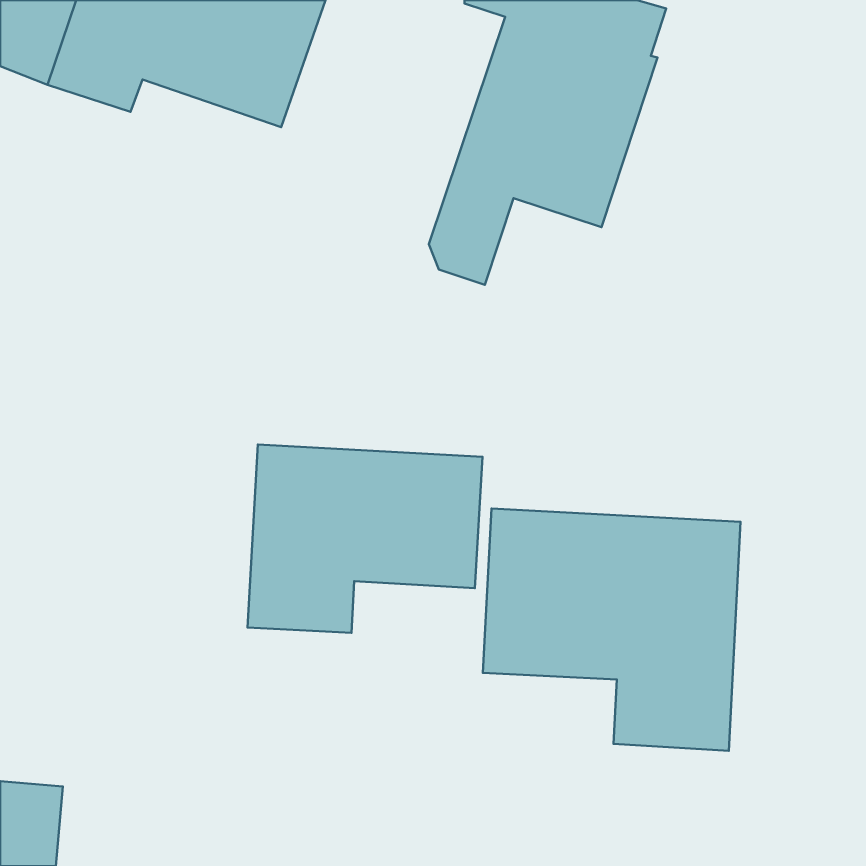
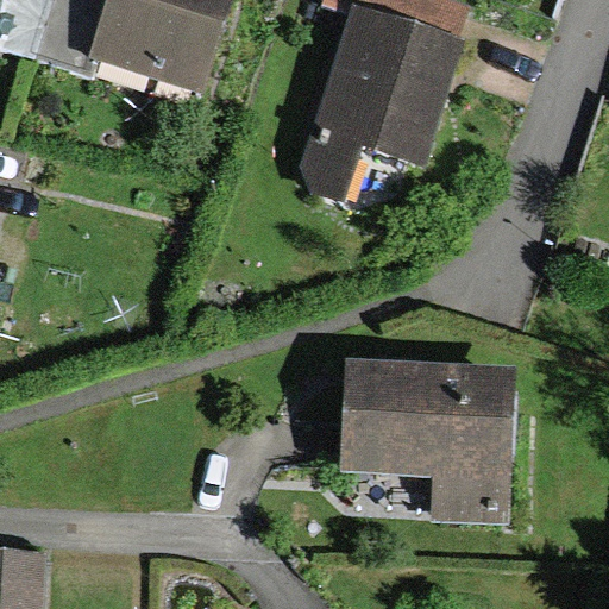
building: [247,445,482,633] -> none

